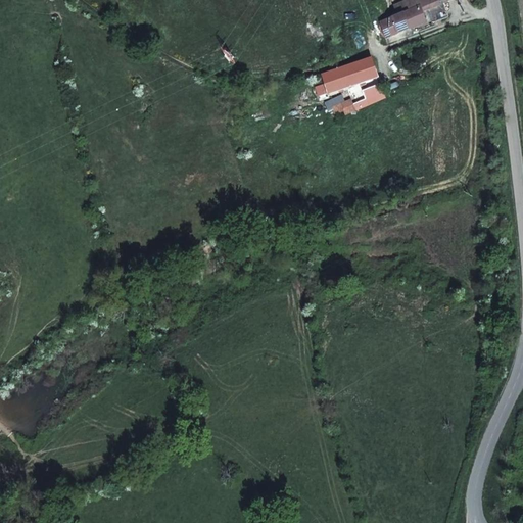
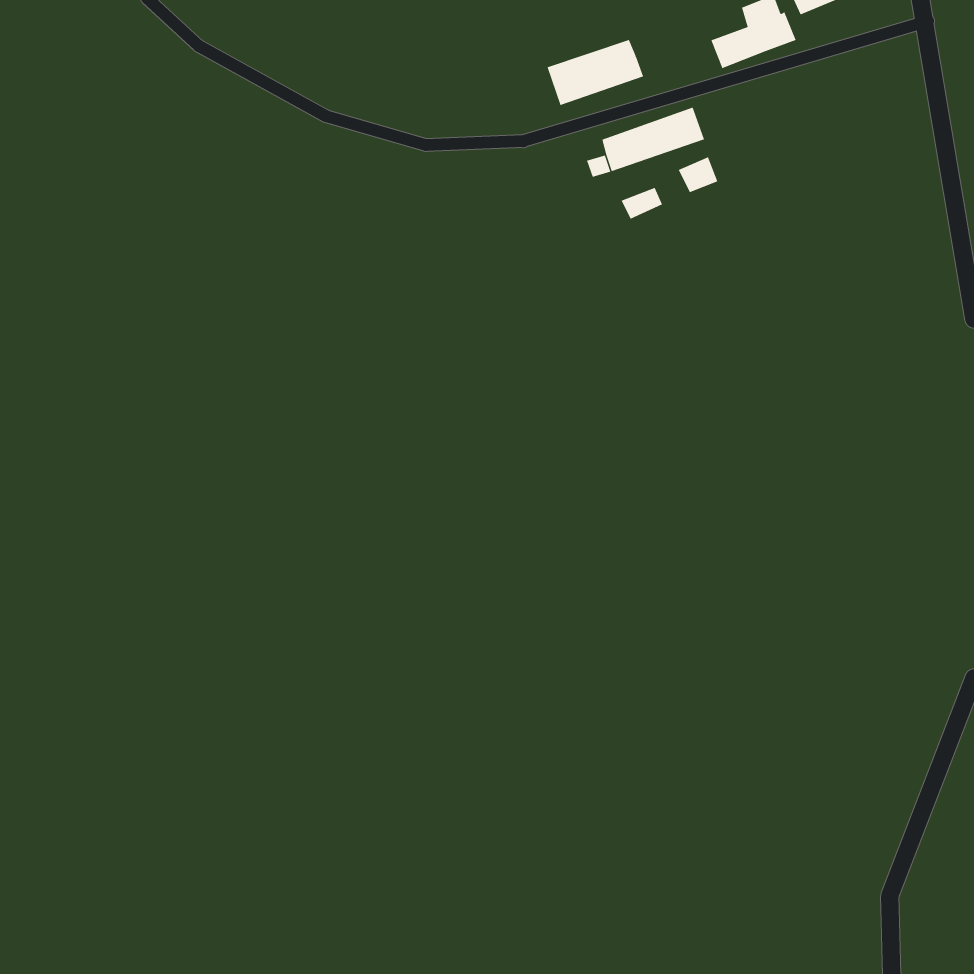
building: none -> [547,39,644,106]

